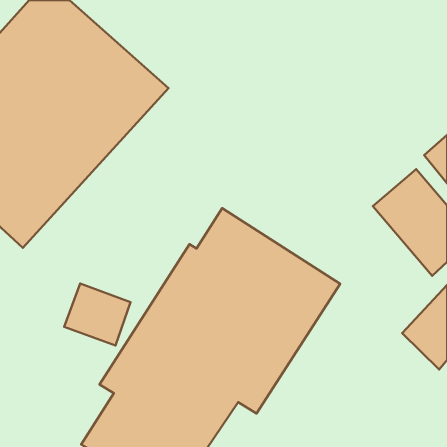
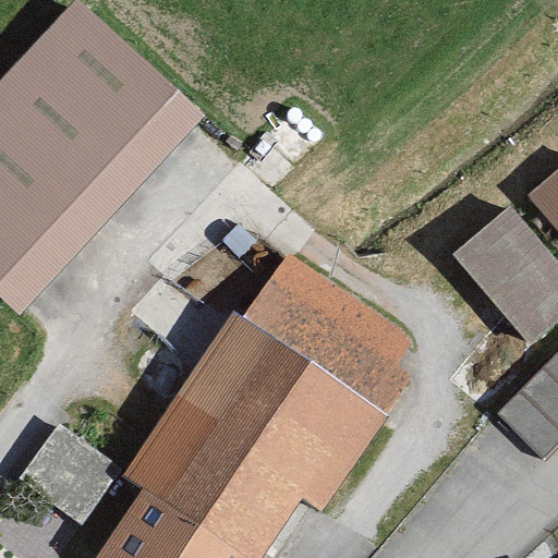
building: [64,284,130,345] -> [25,432,107,508]

